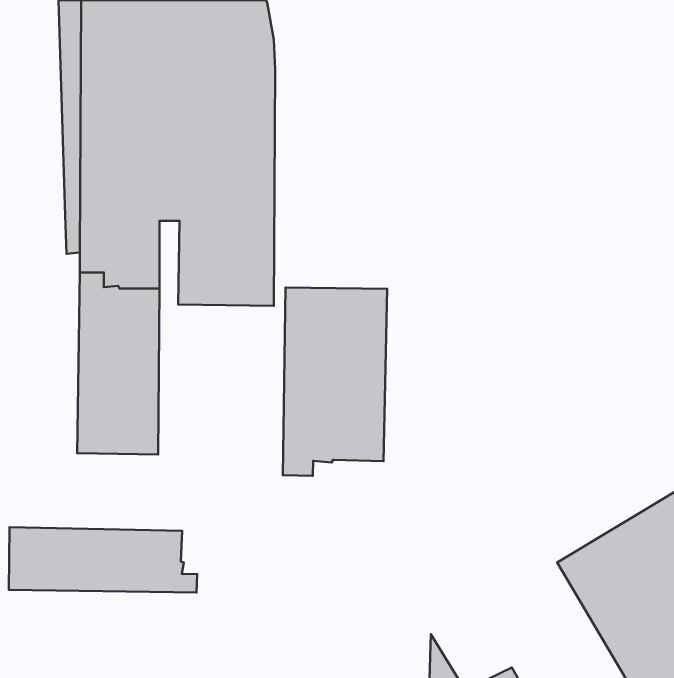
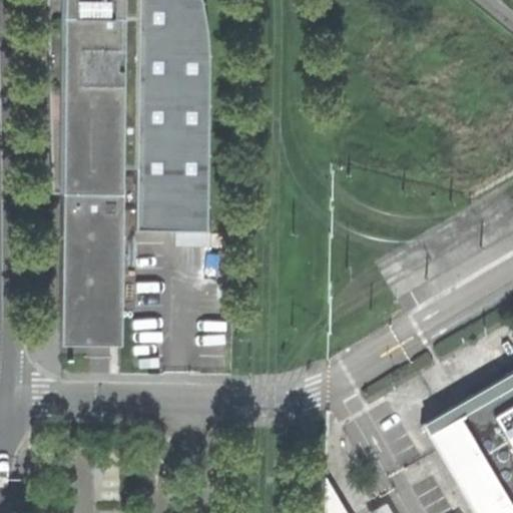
building: [283,287,387,476] -> none
building: [9,527,197,593] -> none

